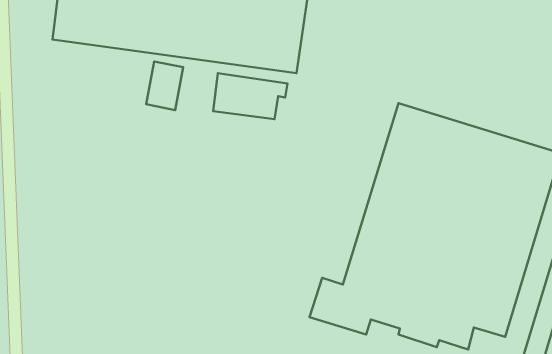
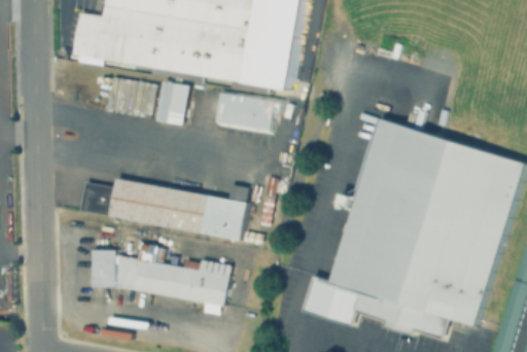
building: none -> [81,177,248,239]
building: none -> [92,245,230,306]

